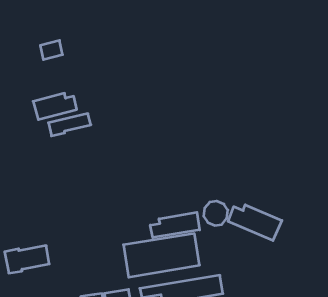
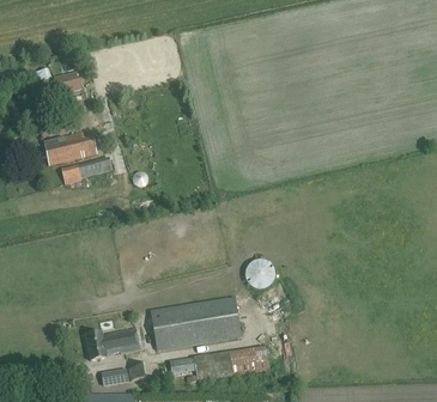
building: [228,205,282,241] -> none
building: [150,212,200,238] -> none
building: [5,246,49,273] -> [86,327,139,359]

